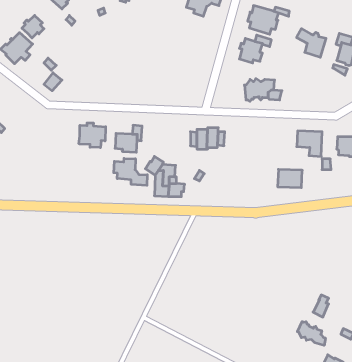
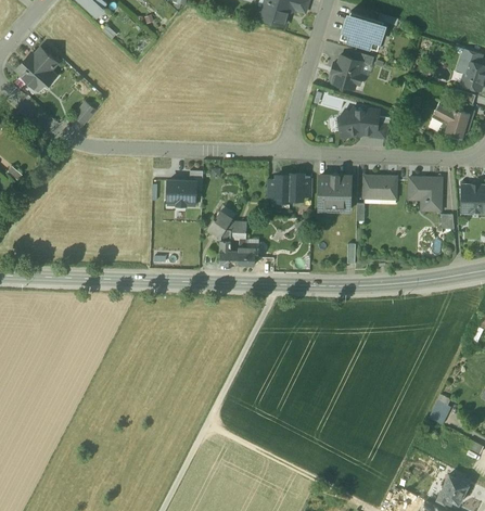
building: [22,15,44,38] -> none
building: [297,29,326,57] -> [433,101,472,139]
building: [79,123,106,148] -> none
building: none -> [318,175,349,210]
building: [114,158,147,185] -> none
building: [278,169,302,188] -> [362,176,395,200]
building: [297,322,325,345] -> none

